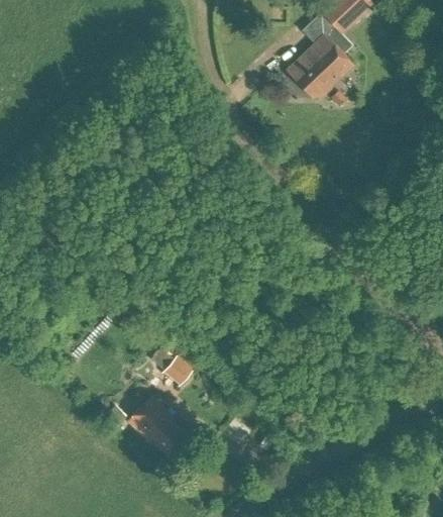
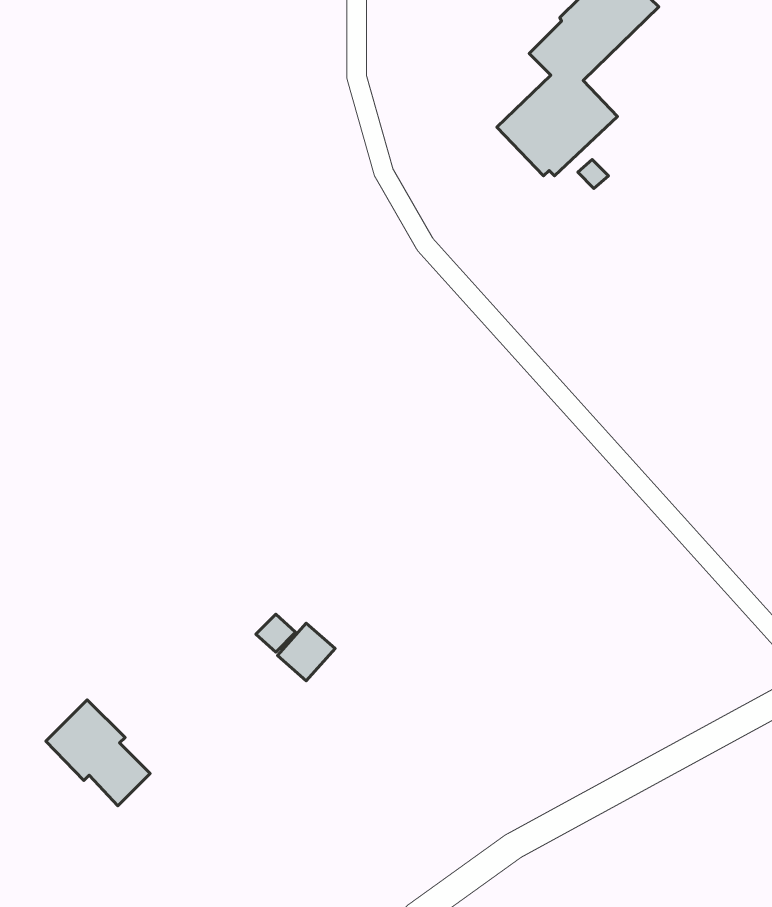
building: [126,394,185,453] -> [46,700,150,806]

